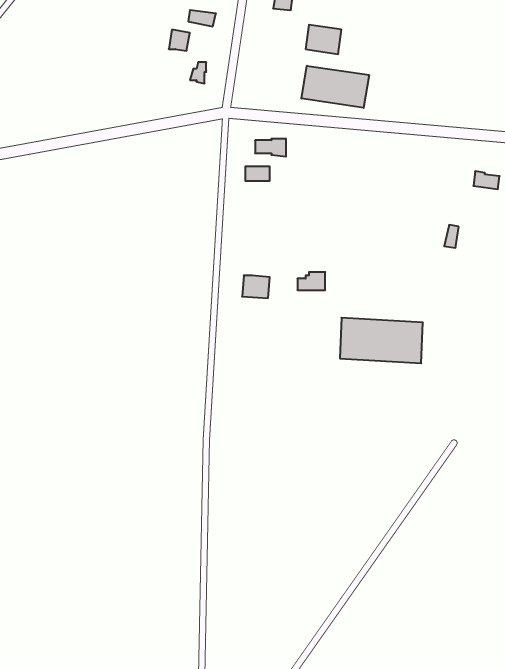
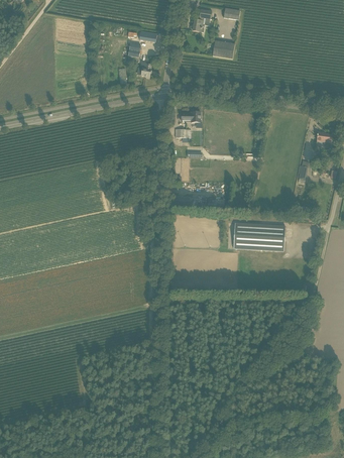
building: [301,66,369,108] -> none

